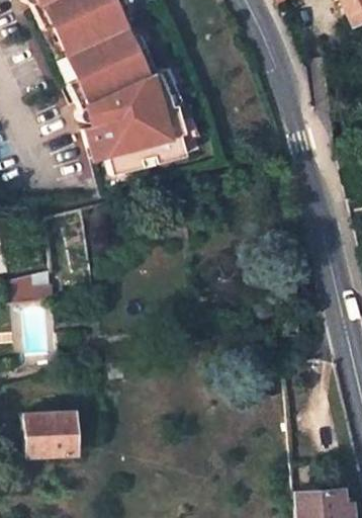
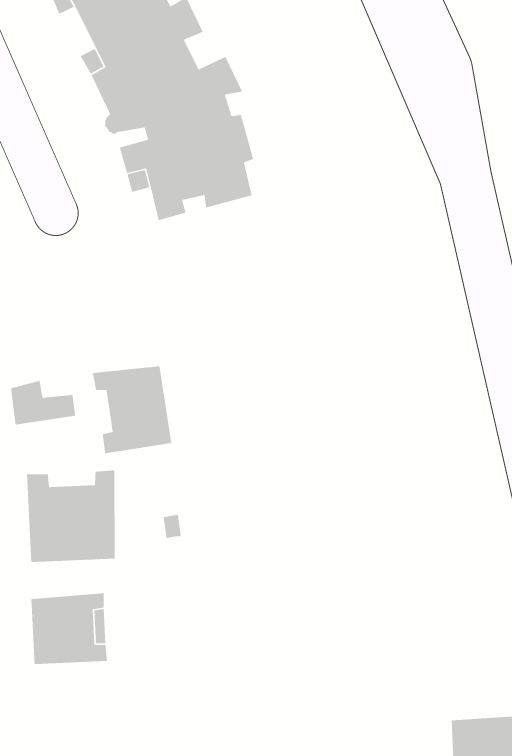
building: none -> [92,366,172,454]
building: none -> [26,469,115,563]

